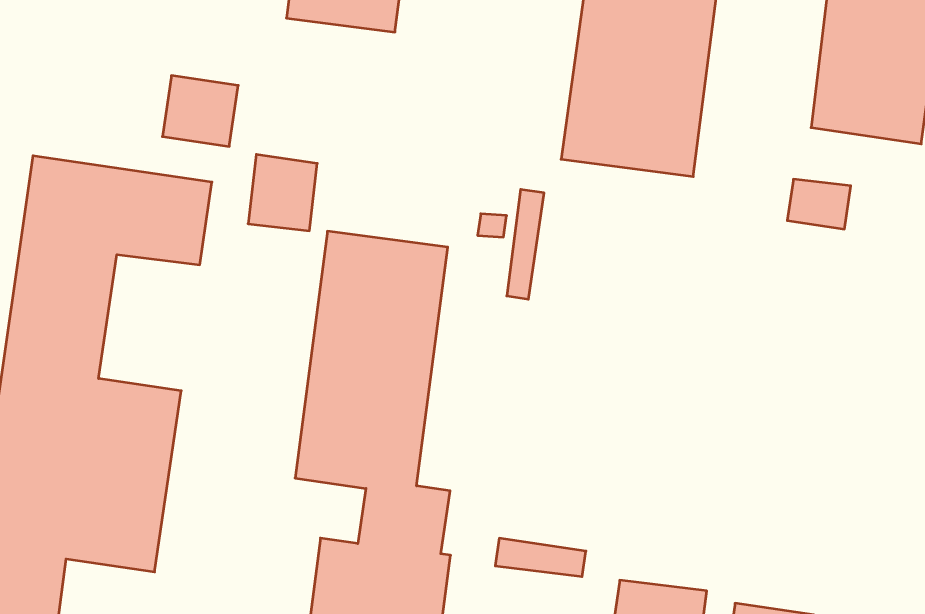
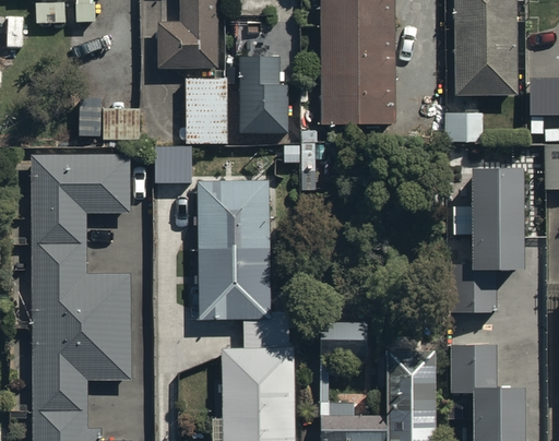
building: none -> [238,56,287,134]
building: none -> [185,76,225,142]
building: none -> [451,168,518,311]

